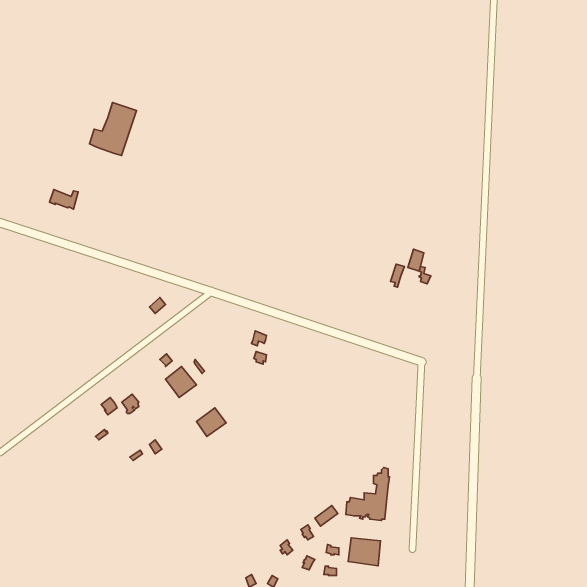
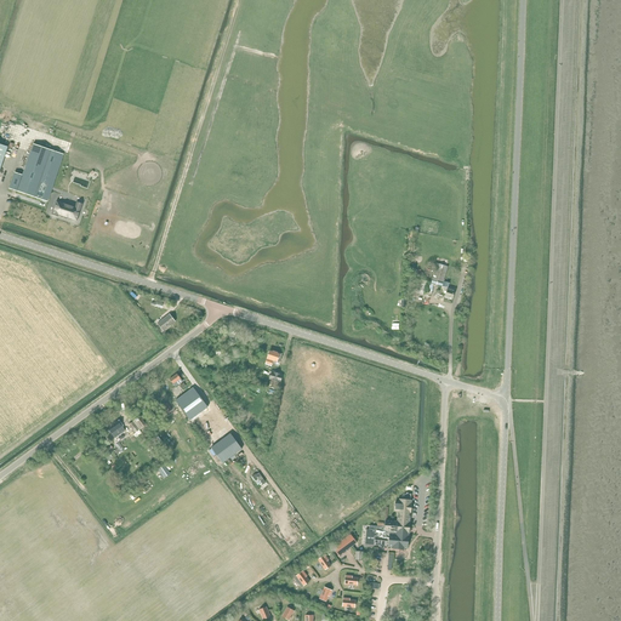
building: [89,103,137,155] -> [10,144,59,200]
building: [348,538,380,566] -> none

